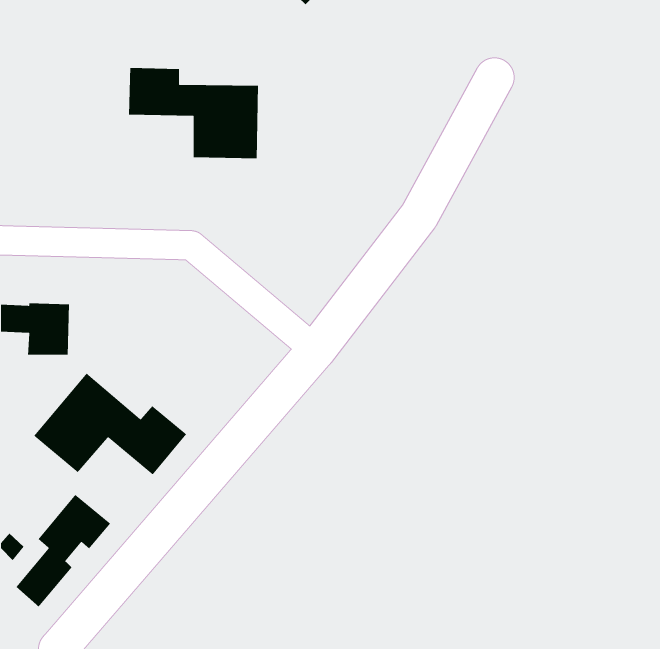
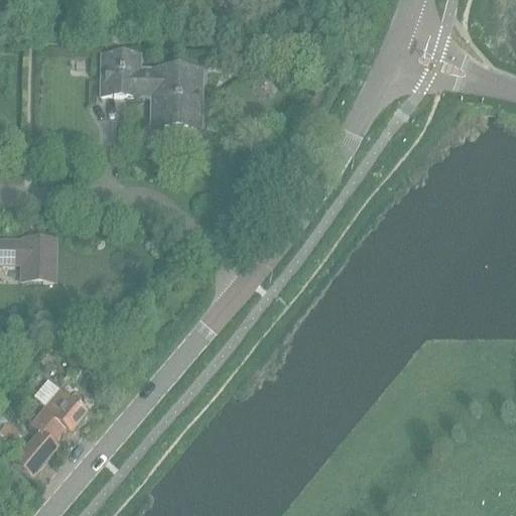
building: [33,372,187,476] -> none

